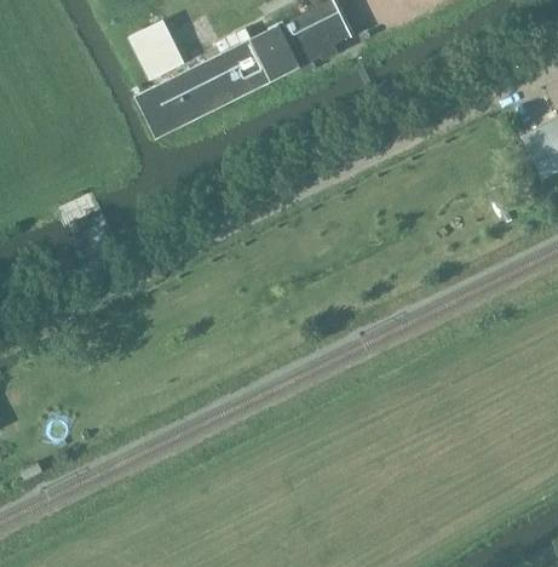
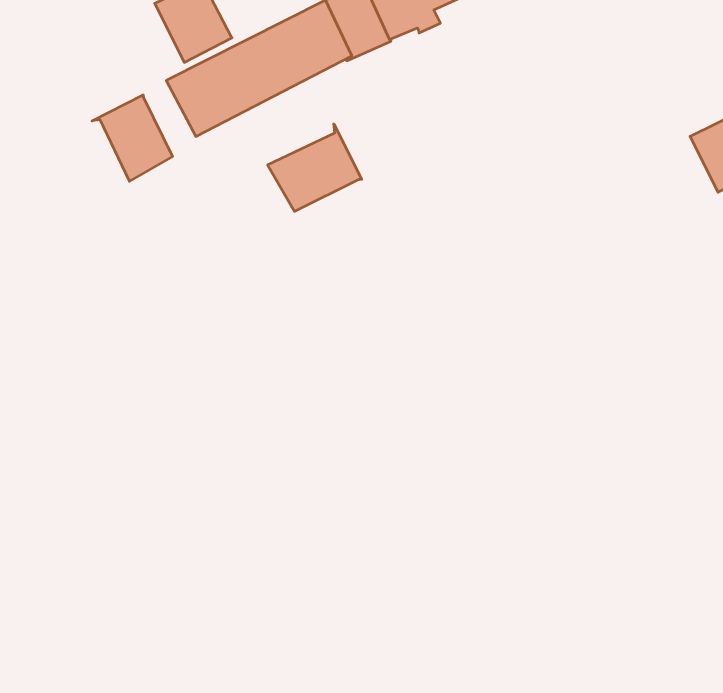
building: none -> [92,95,173,181]
building: none -> [268,124,362,211]

